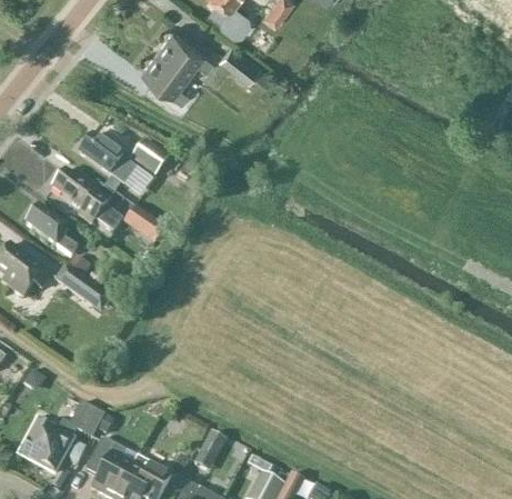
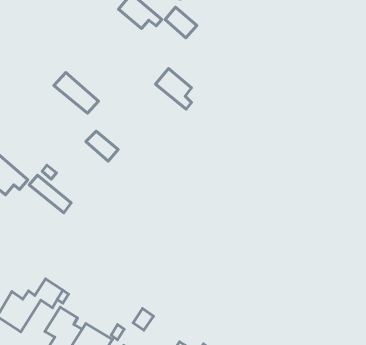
building: [141,49,189,100] -> [156,69,192,109]
building: [130,141,169,178] -> none
building: [52,170,122,233] -> none
building: [26,206,77,257] -> none

